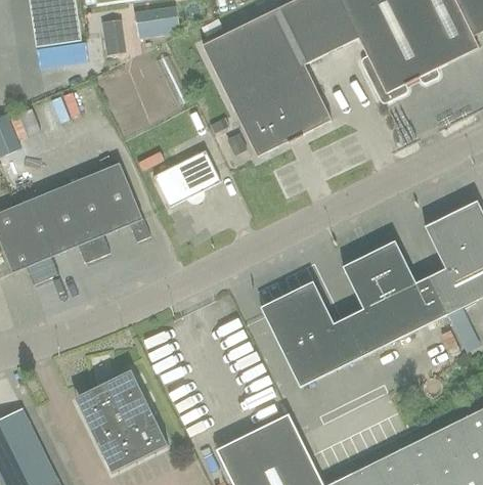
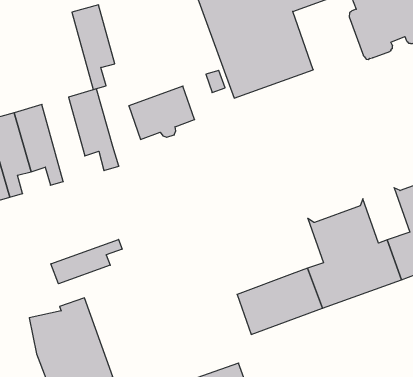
building: [68,173,116,257] -> [72,5,115,89]
building: [260,280,334,349] -> none
building: none -> [51,239,122,284]

